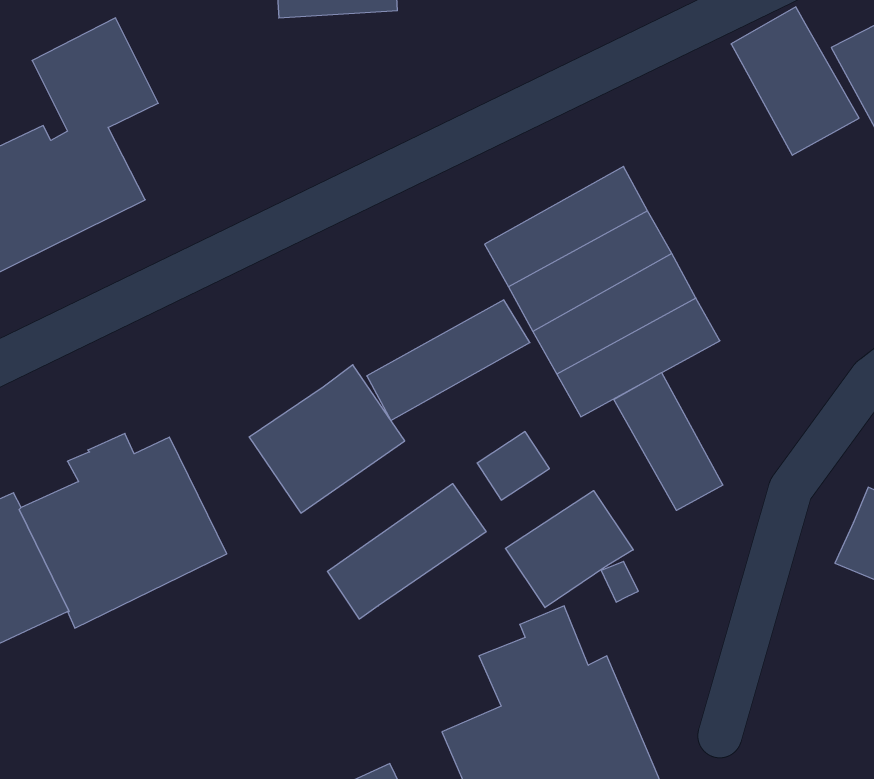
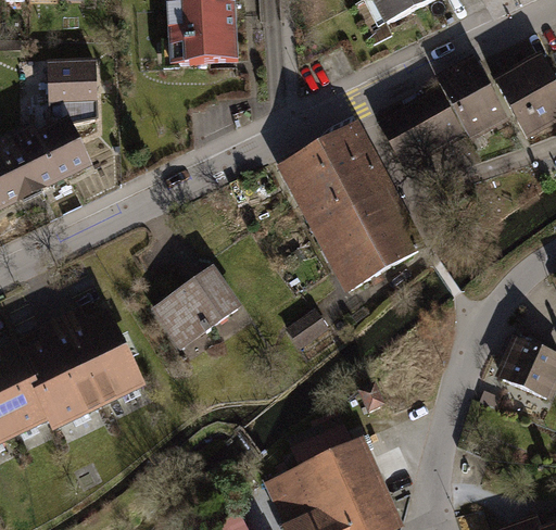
building: none -> [378,87,463,171]
building: [367,300,530,420] -> [277,124,372,194]
building: [614,373,723,510] -> none
building: [327,484,486,619] -> none
building: [505,491,633,608] -> none

